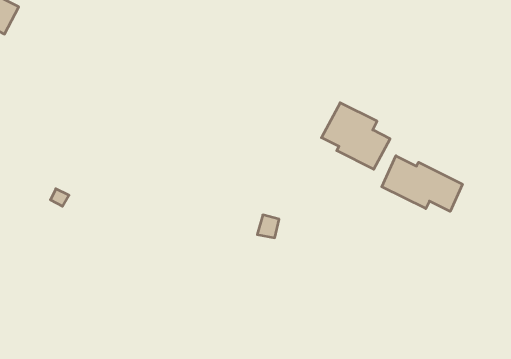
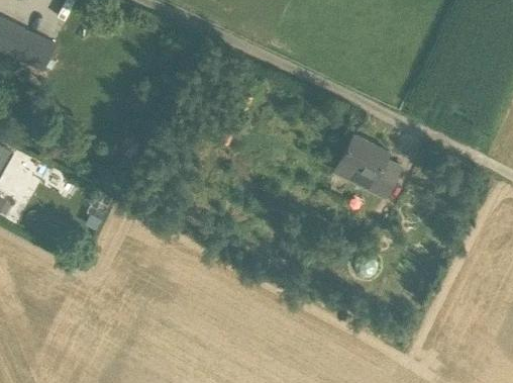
building: [382,156,462,211] -> none

